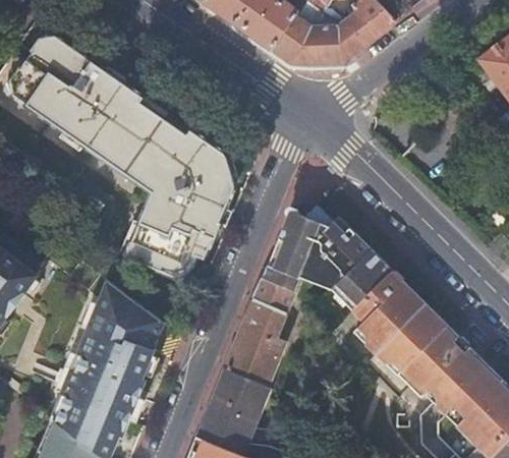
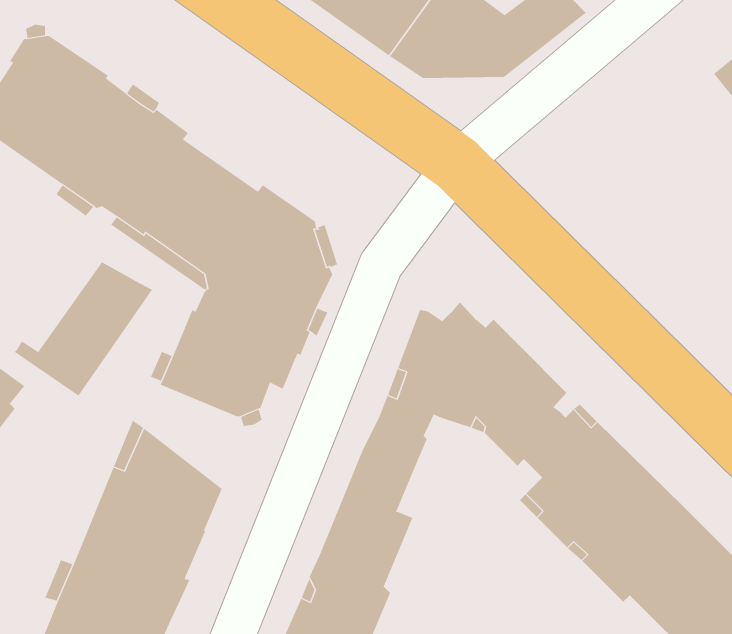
building: none -> [14,262,153,397]

